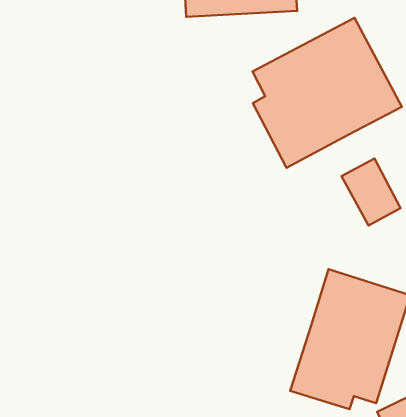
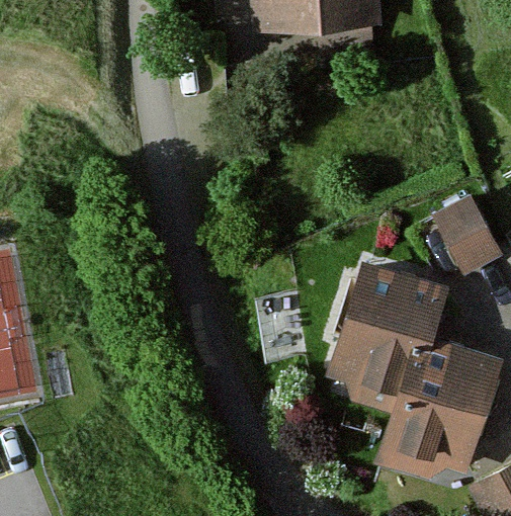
building: [252,18,402,168] -> none
building: none -> [331,262,427,390]

